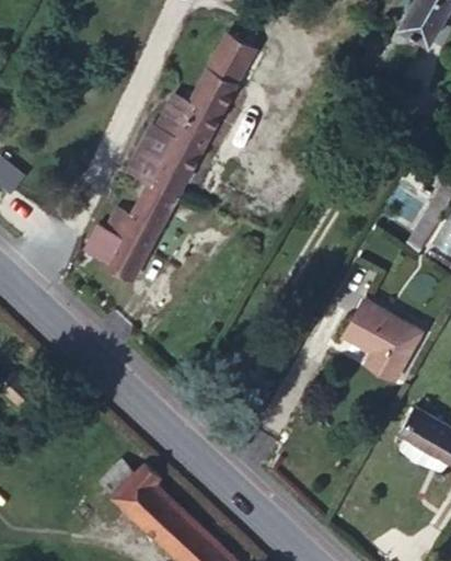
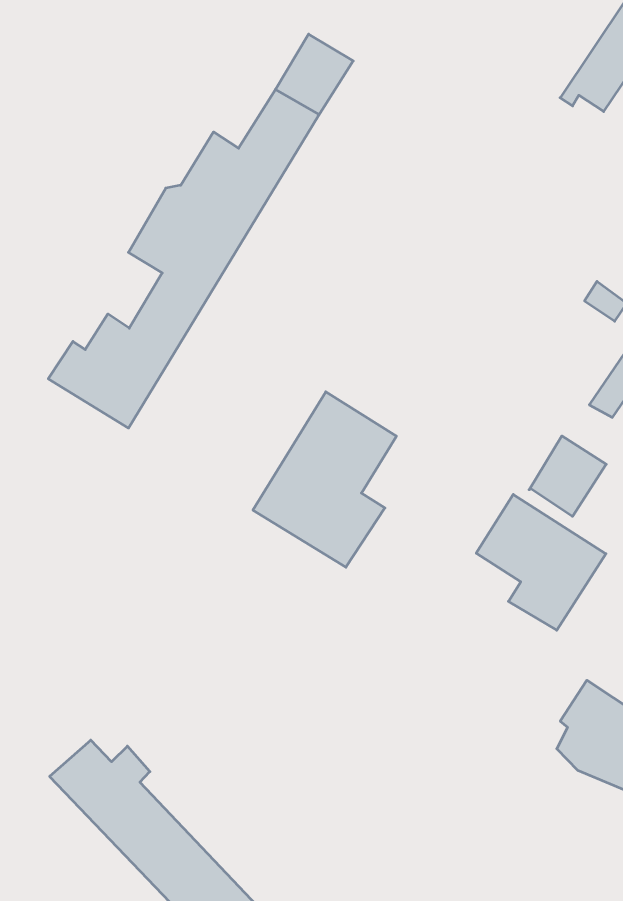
building: none -> [253,392,396,567]
building: none -> [529,436,606,516]

